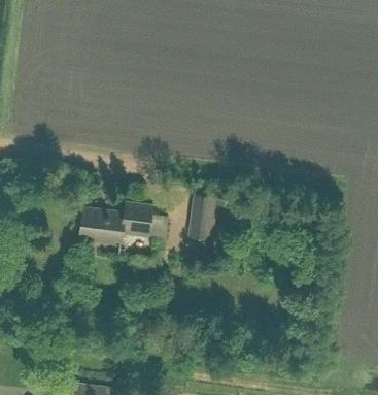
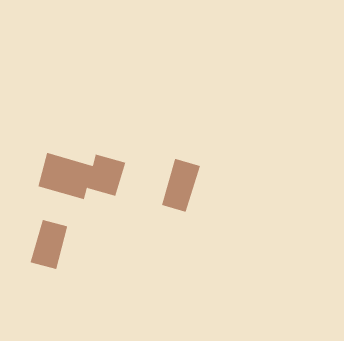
building: none -> [30,219,68,270]

